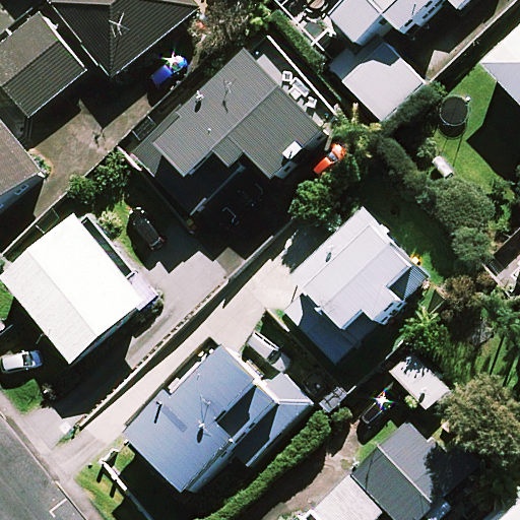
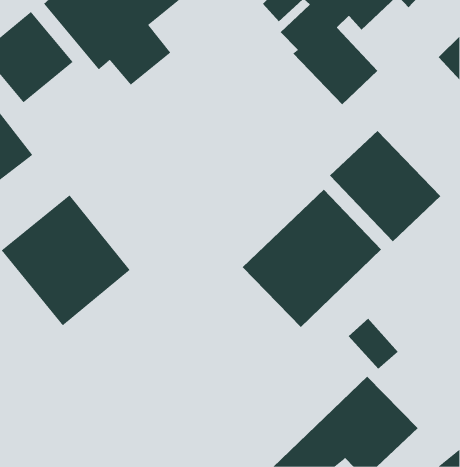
building: [131,49,324,215] -> none
building: none -> [329,130,441,242]
building: [129,346,295,489] -> none

